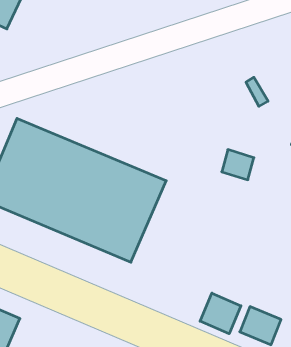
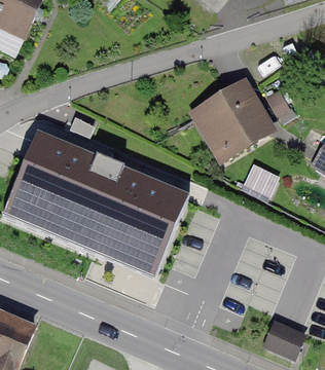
building: none -> [196,83,273,156]
building: [200,293,241,334] -> none

